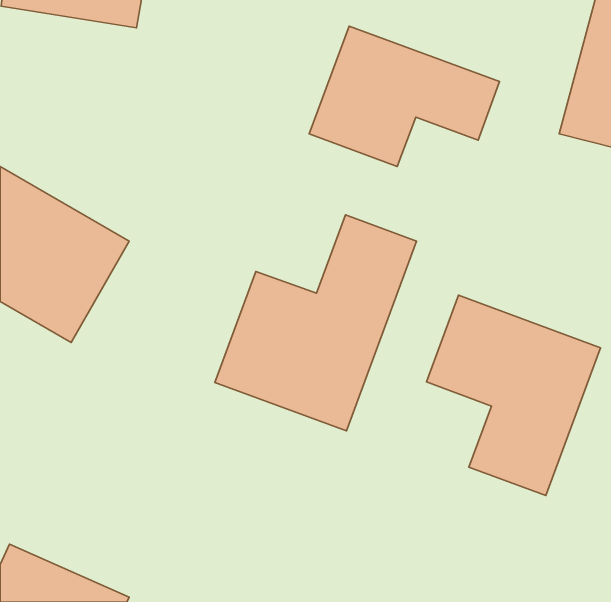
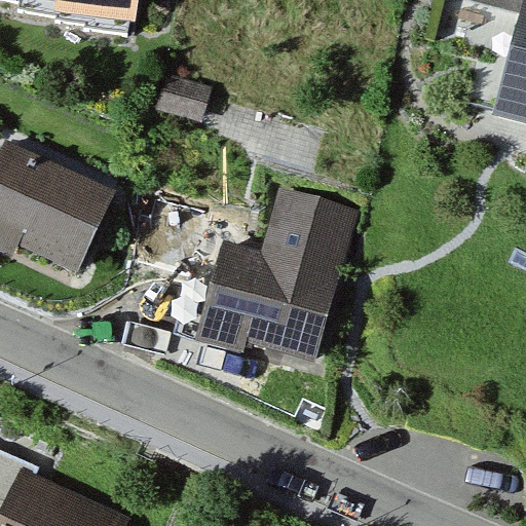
building: [309,26,500,166] -> none
building: [427,295,600,496] -> none

